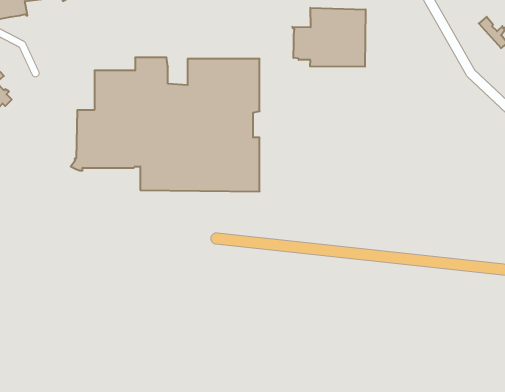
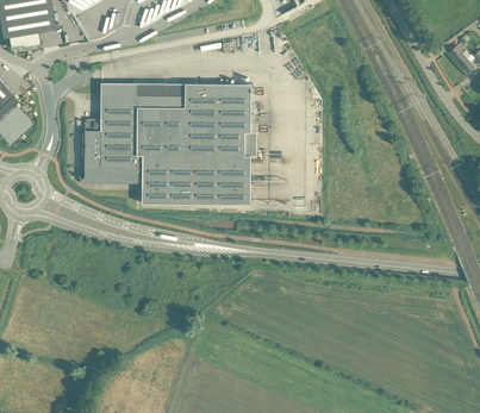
building: [292,8,366,67] -> none

